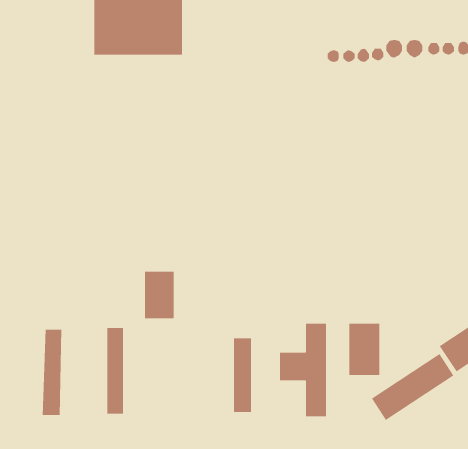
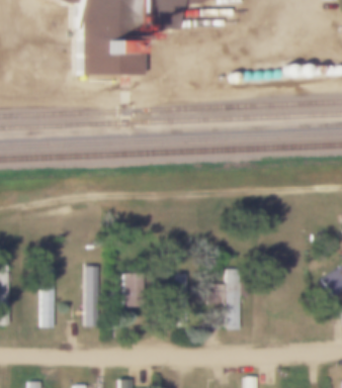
building: [144,271,175,319] -> [126,272,148,305]
building: [349,323,380,376] -> none
building: [371,353,454,421] -> none

